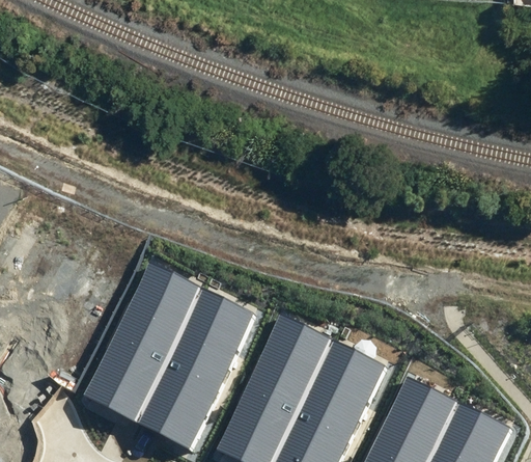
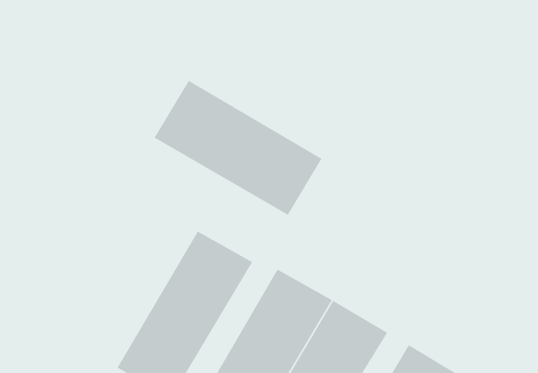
building: none -> [153,80,323,216]
building: [84,262,201,422] -> none

